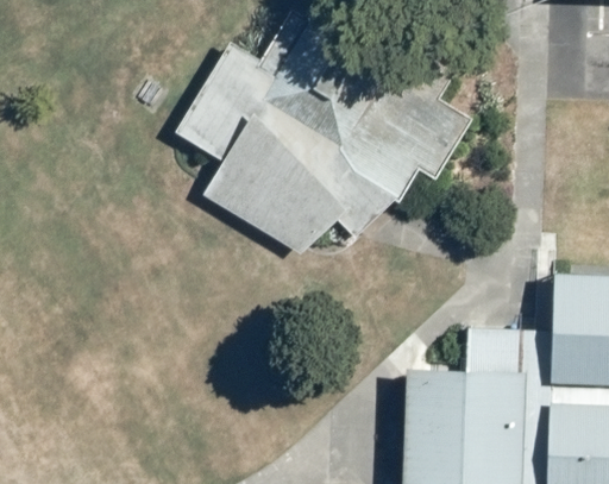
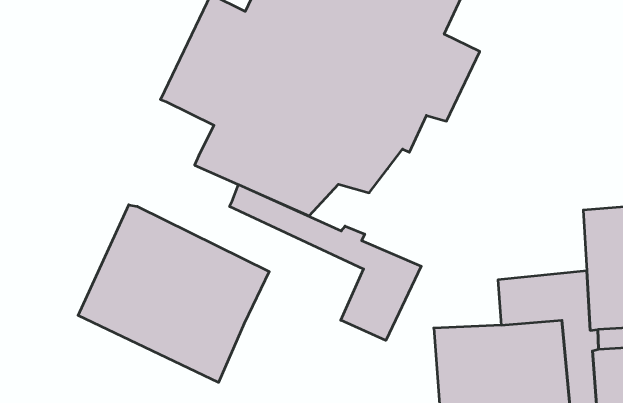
building: none -> [230,185,421,340]
building: none -> [78,205,269,382]

